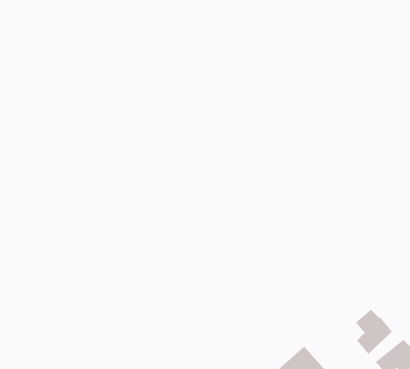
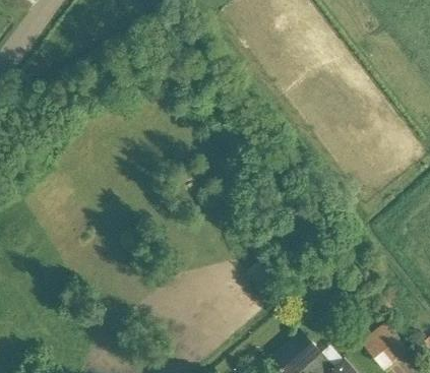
building: [355,309,393,355] -> none

